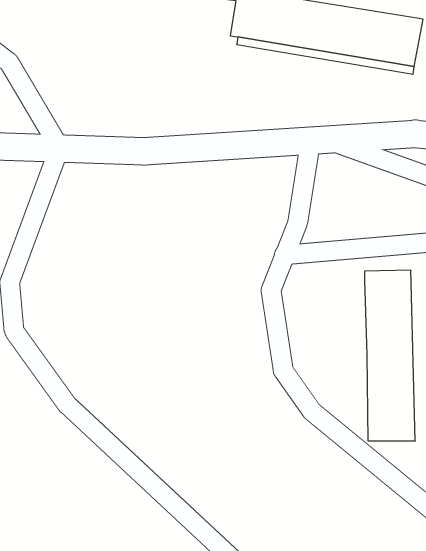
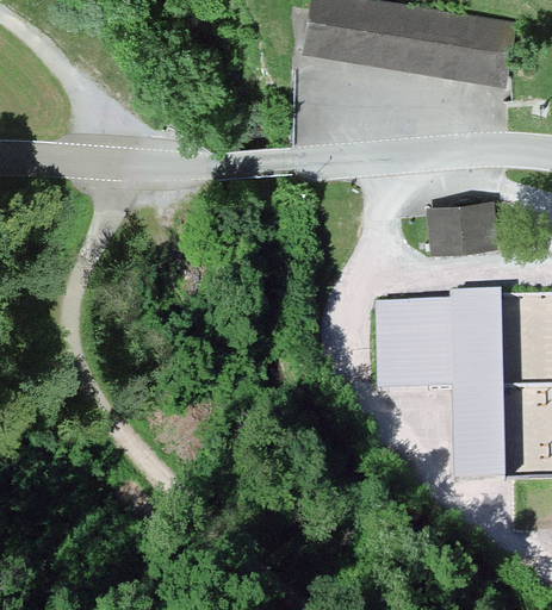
building: none -> [428,206,494,250]
building: none -> [376,303,452,390]

